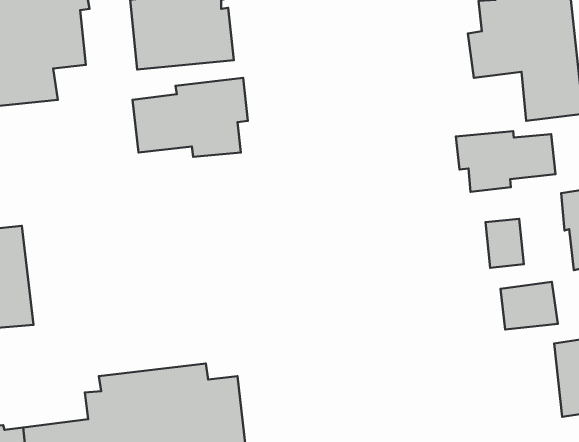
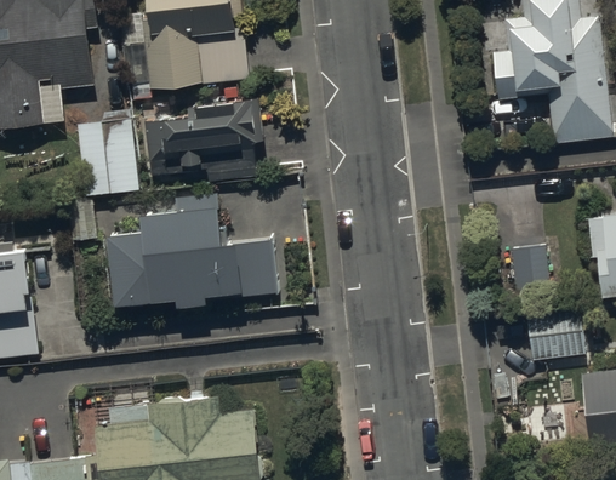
building: none -> [76,116,138,195]
building: [456,131,555,192] -> none
building: none -> [108,192,278,310]

